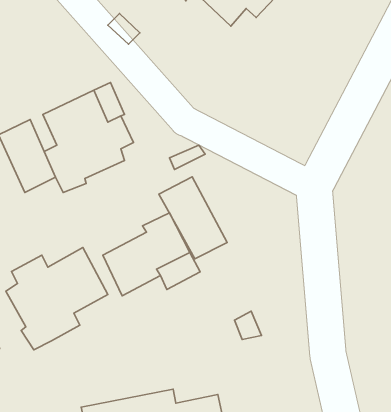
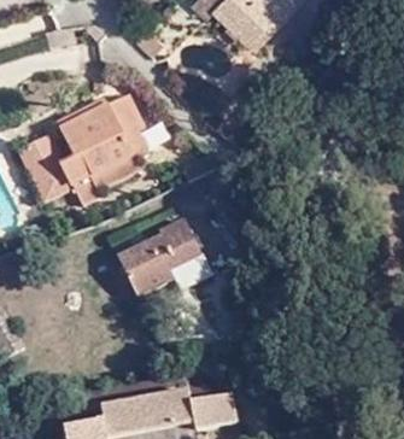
building: [159,177,227,259] -> none
building: [6,248,108,350] -> none

